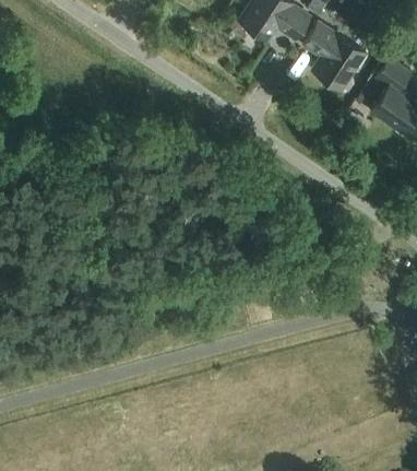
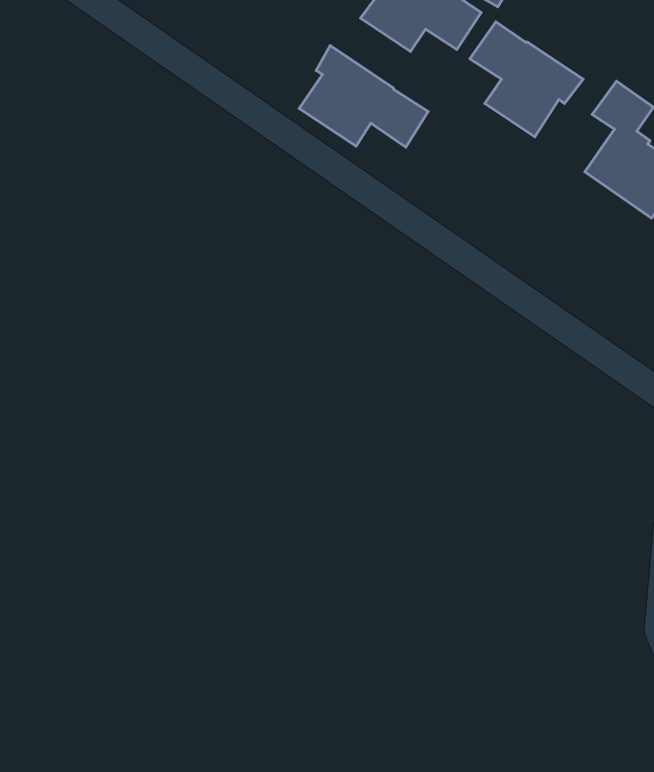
building: none -> [299,46,428,147]

